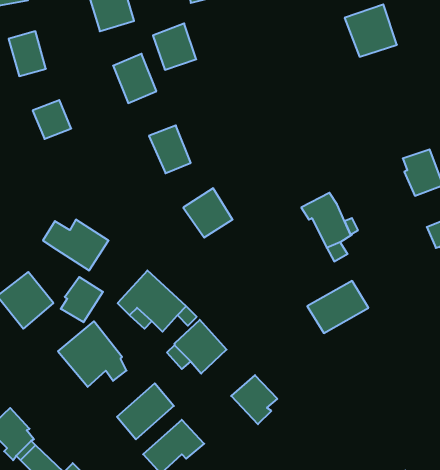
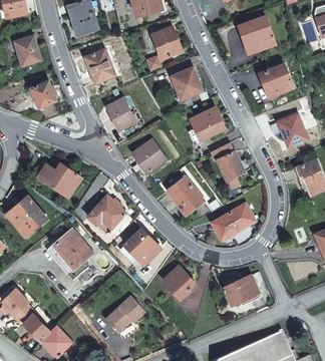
building: [153,23,196,70] -> [152,27,182,58]
building: none -> [259,64,292,96]
building: none -> [172,67,203,99]
building: none -> [192,107,224,139]
building: none -> [166,176,203,215]
building: [61,277,103,322] -> none
building: [117,383,174,439] -> none
building: none -> [224,273,263,306]

